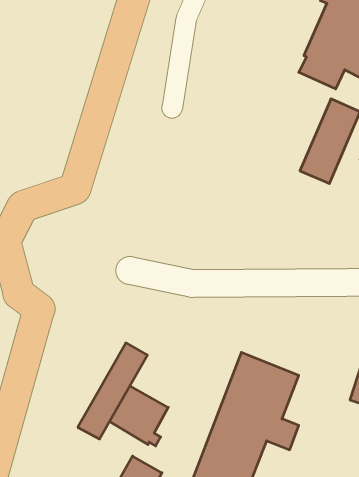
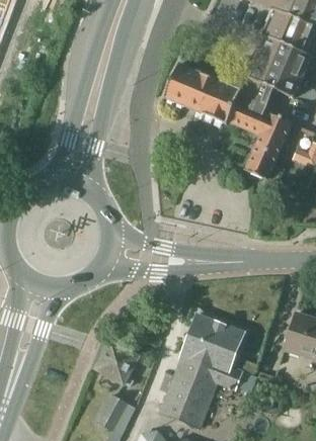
building: none -> [163,63,272,134]
building: [78,343,147,439] -> none

